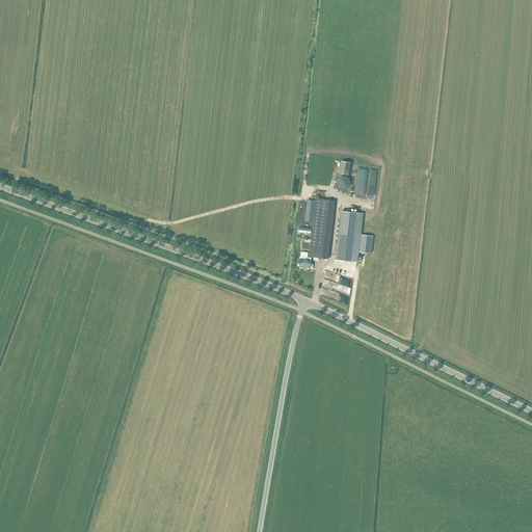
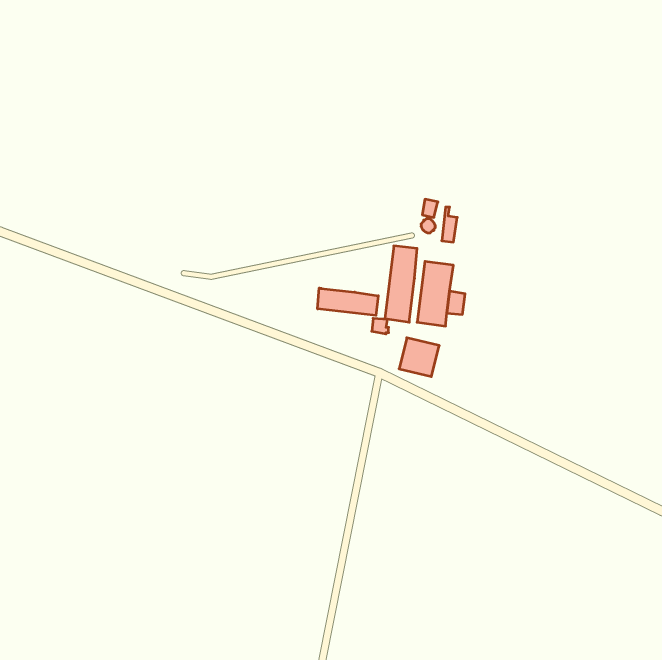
building: none -> [318,288,378,315]

